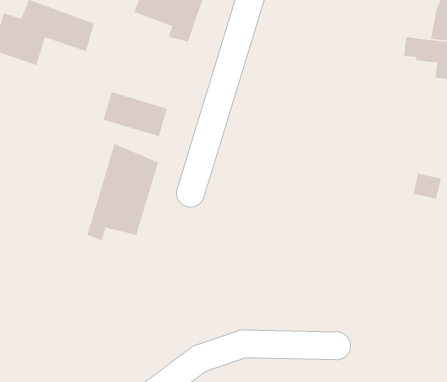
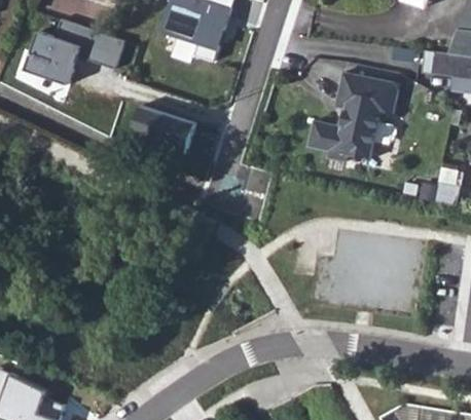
building: none -> [305,73,396,162]
building: [86,143,159,242] -> none

